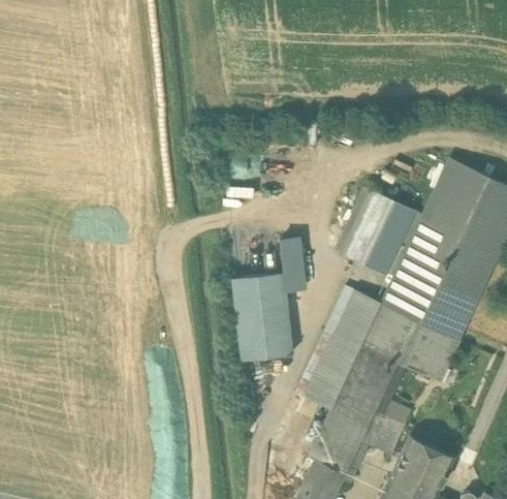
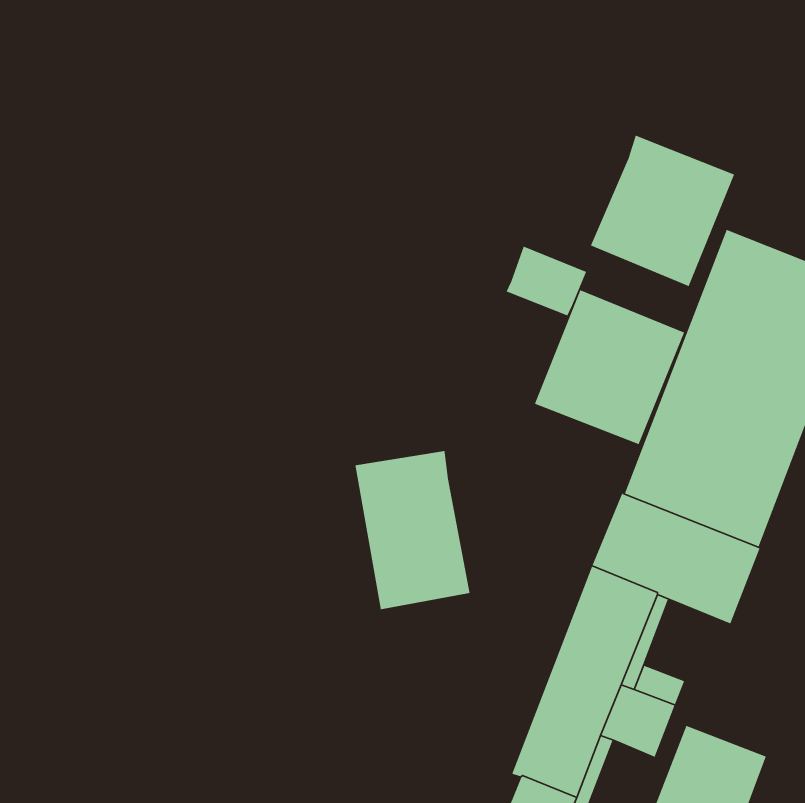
building: none -> [590,135,735,287]
building: none -> [506,245,587,317]
building: [281,240,305,290] -> none
building: [296,286,379,408] -> none

